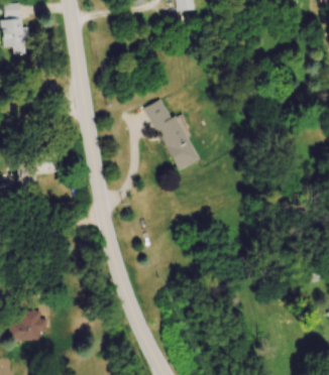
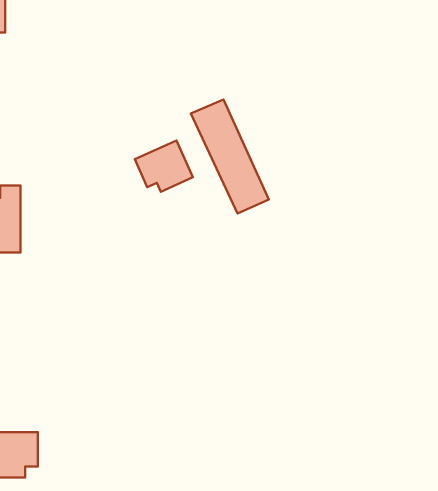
building: none -> [135,140,193,192]

